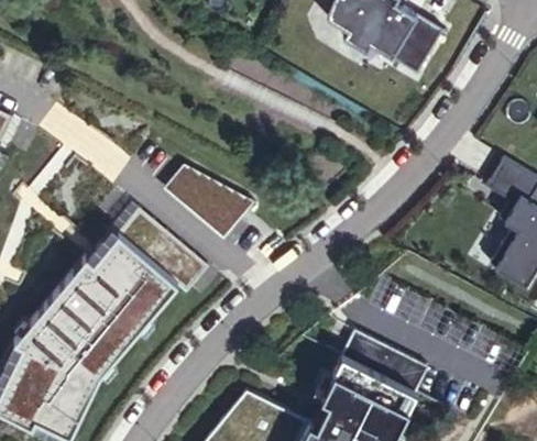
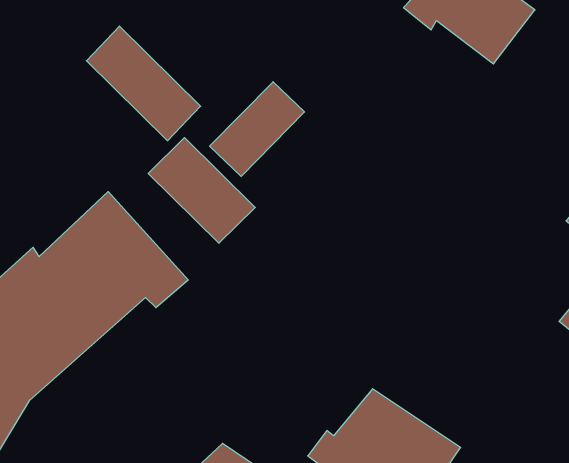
building: none -> [86,26,201,141]
building: none -> [210,82,305,176]

